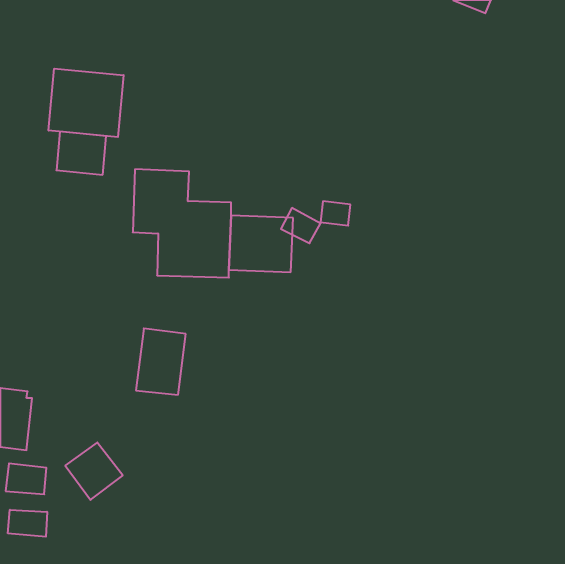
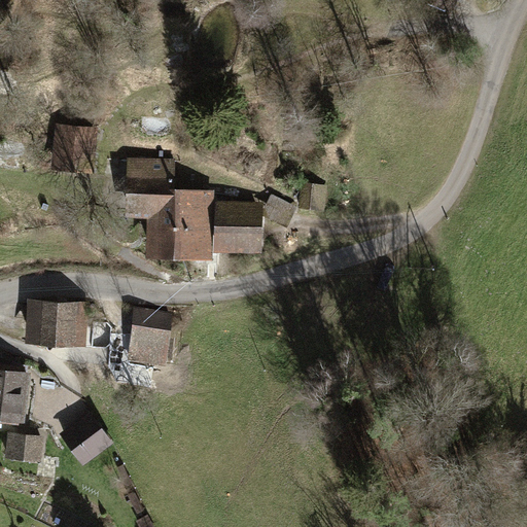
building: [49,69,124,137] -> none
building: none -> [25,300,89,346]
building: [8,510,47,537] -> none

